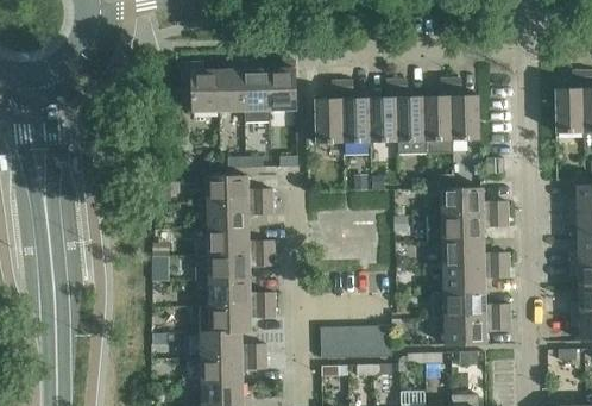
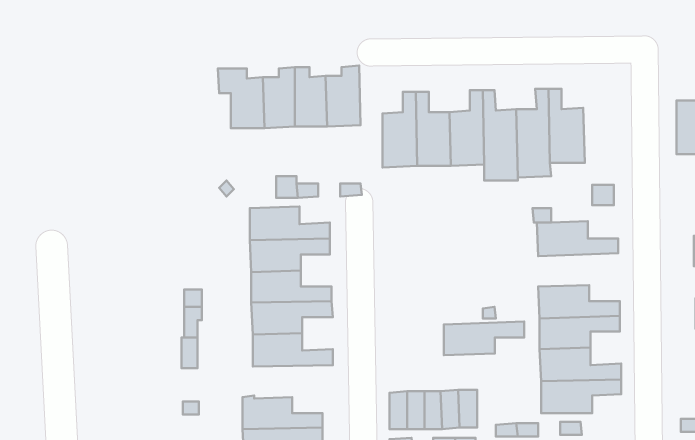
building: [442,213,508,241] -> [444,322,524,355]
building: [200,305,275,332] -> none

